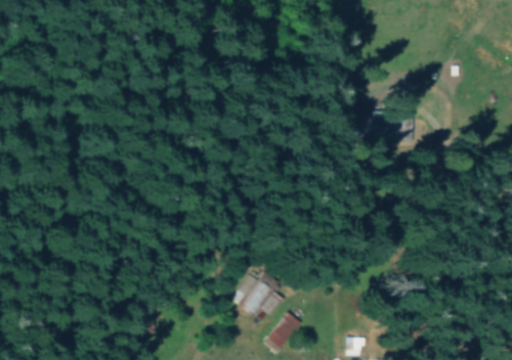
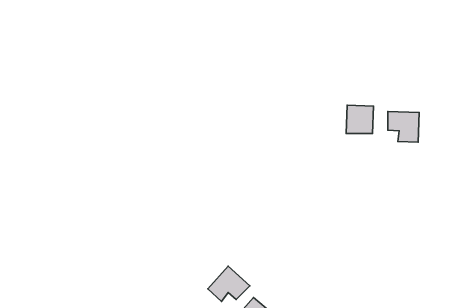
building: none -> [388,111,419,142]

